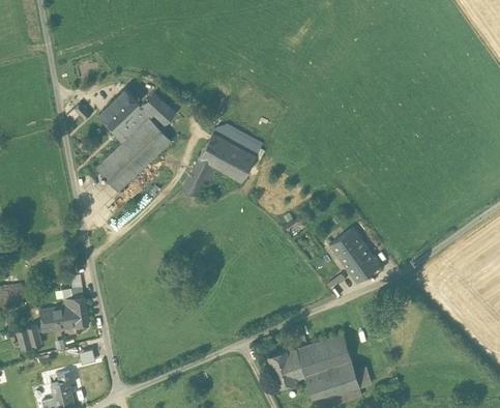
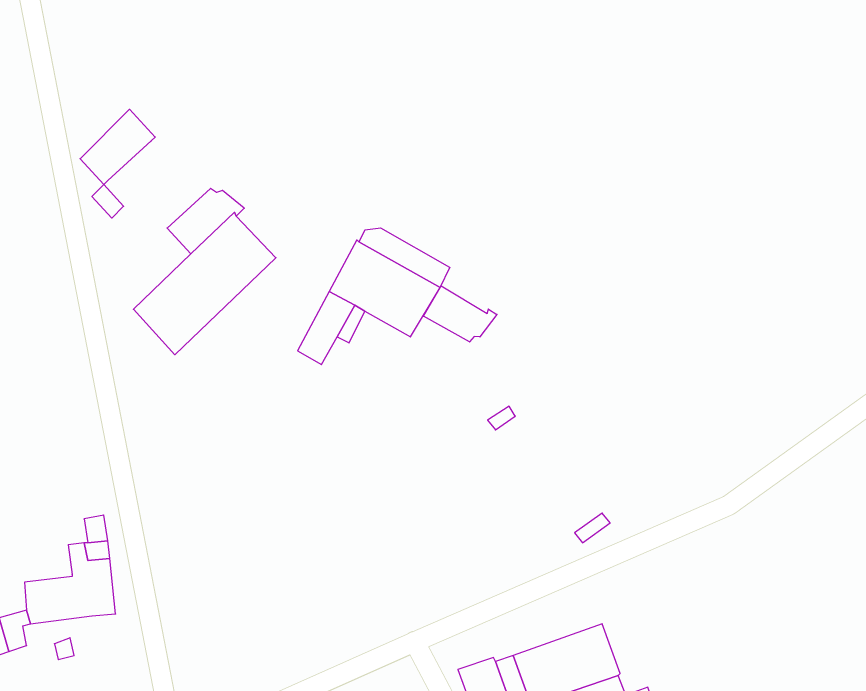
building: [99,88,139,127] -> [80,109,155,185]
building: [143,93,176,125] -> none
building: none -> [424,286,497,342]
building: [329,228,380,283] -> none

